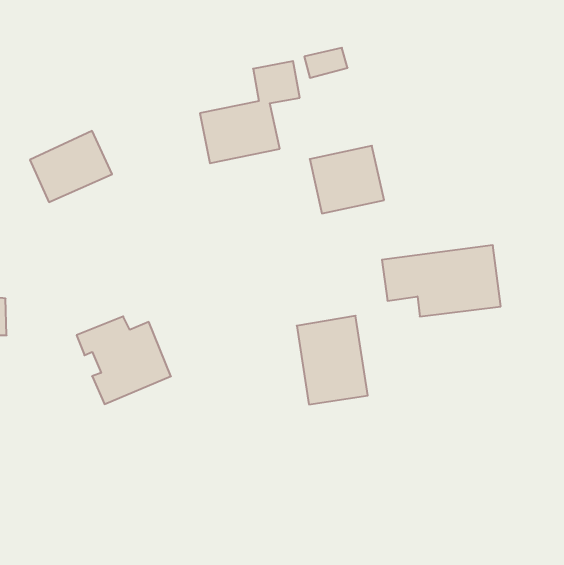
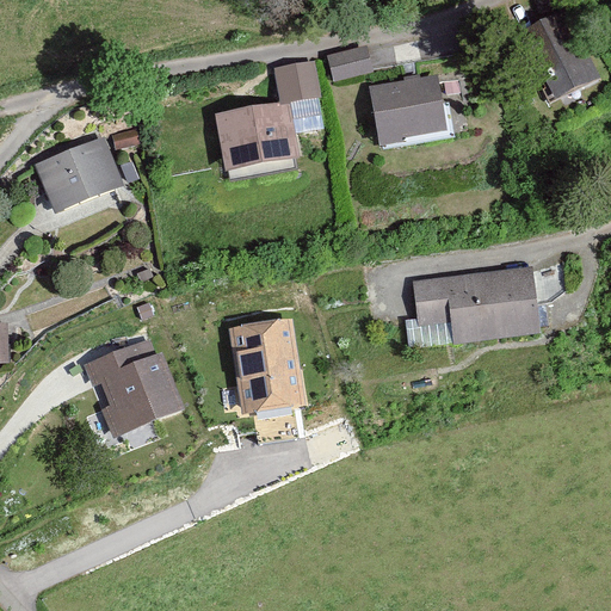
building: none -> [518,8,594,97]
building: [310,146,384,213] -> [370,76,450,149]
building: [297,316,368,404] -> [226,316,302,412]

